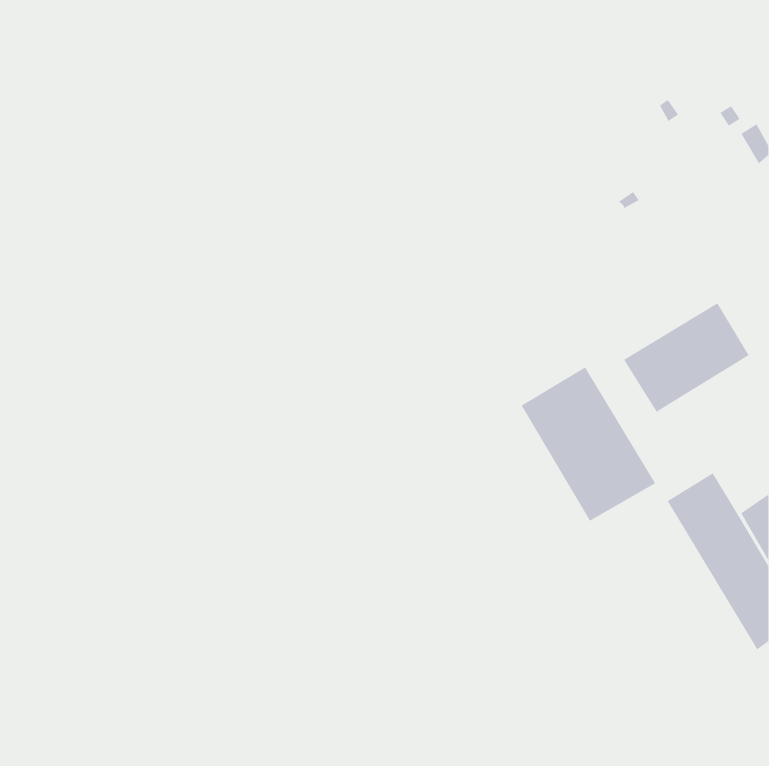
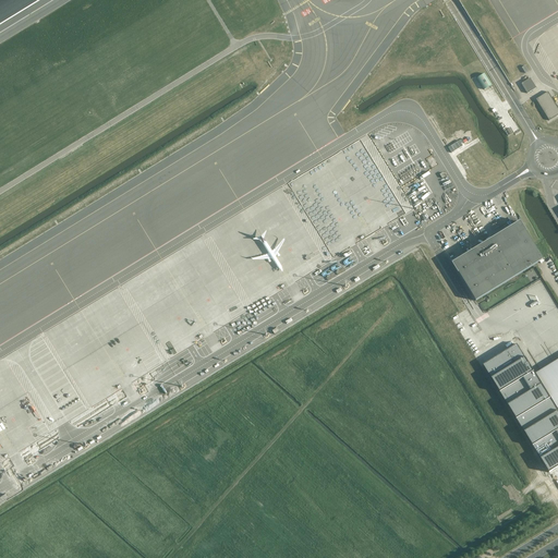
building: [521,366,656,522] -> none

